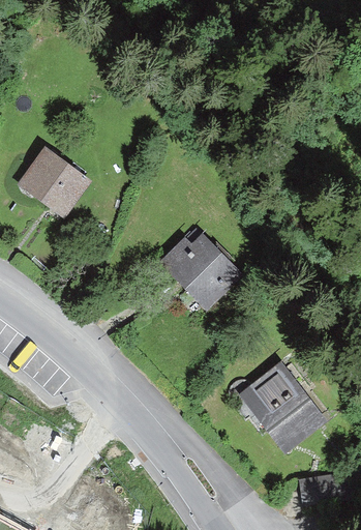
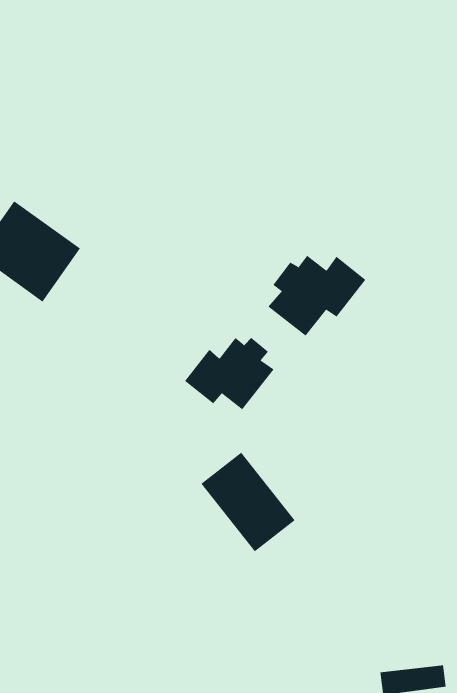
building: none -> [268,255,366,337]
building: [244,370,311,441] -> [201,452,295,552]

